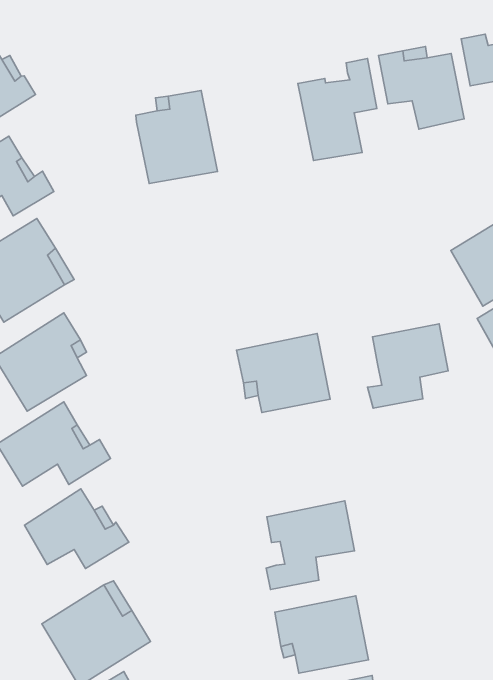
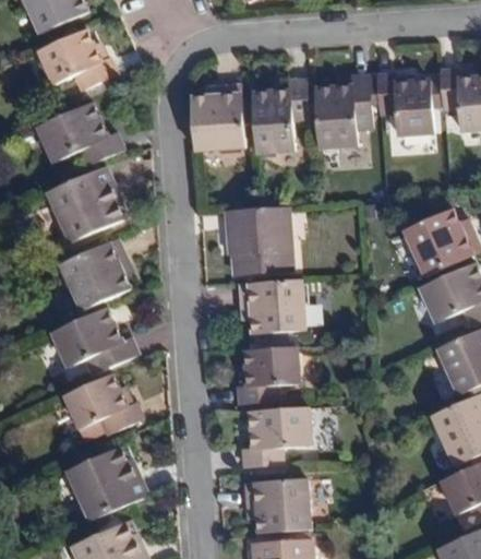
building: none -> [250,83,308,155]
building: none -> [224,209,289,275]
building: [367,324,448,408] -> [236,346,298,403]

